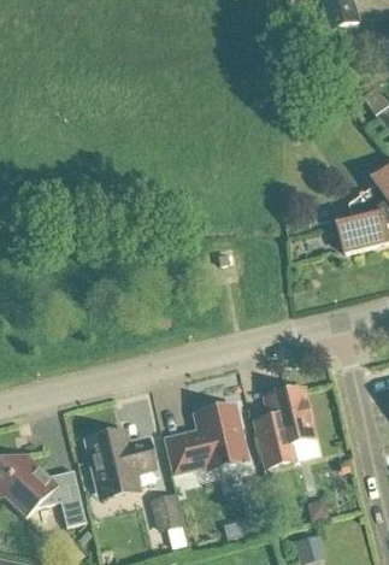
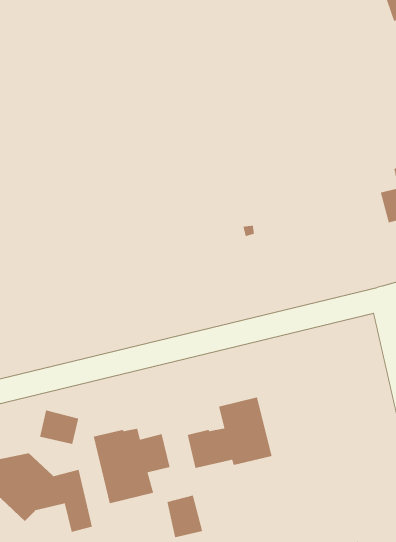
building: [254,388,312,464] -> none
building: none -> [39,410,79,445]

